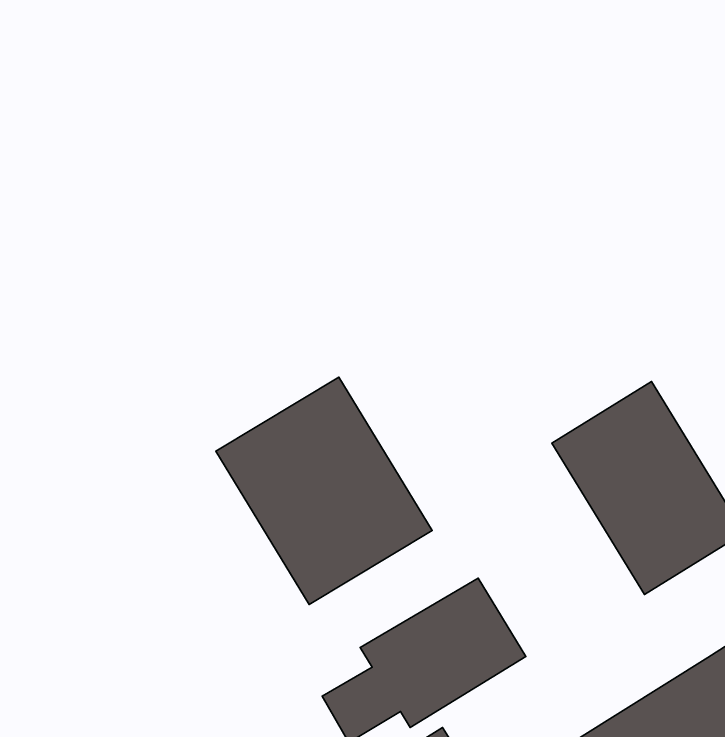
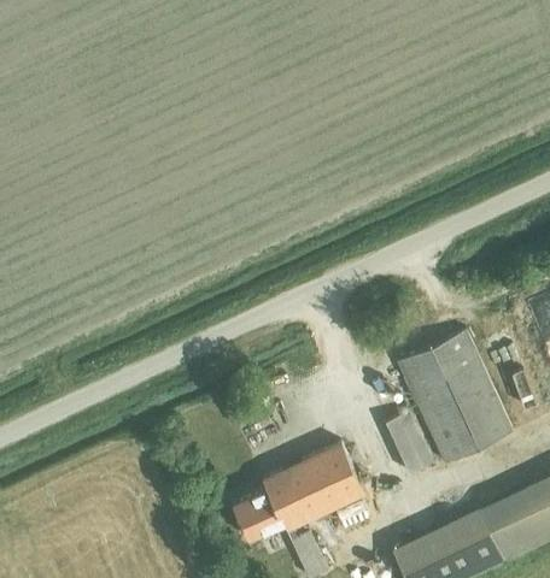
building: [216,377,432,604] -> none
building: none -> [385,411,434,476]

